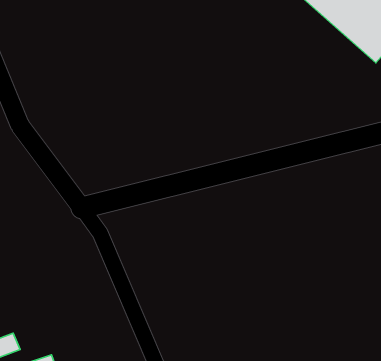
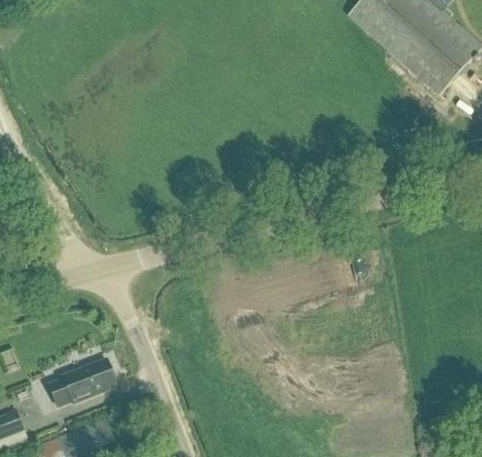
building: none -> [51,357,117,398]

